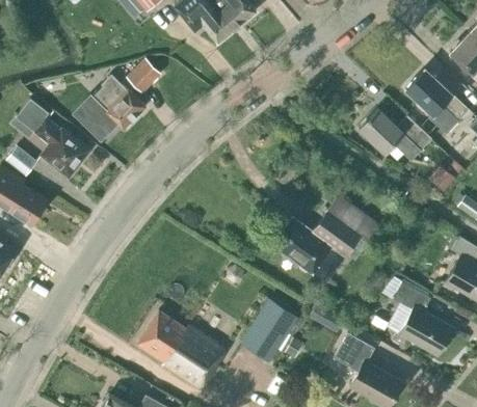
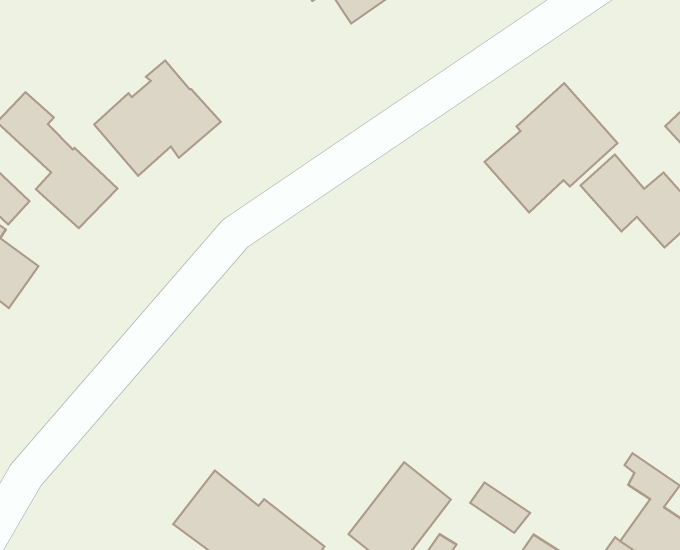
building: [126,57,162,93] -> none
building: none -> [484,83,618,212]
building: [273,196,378,282] -> none

